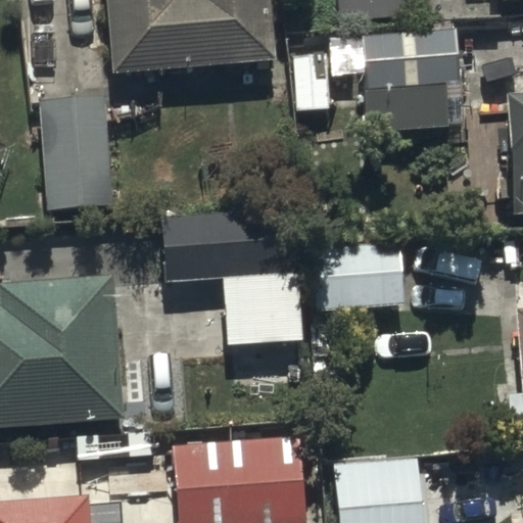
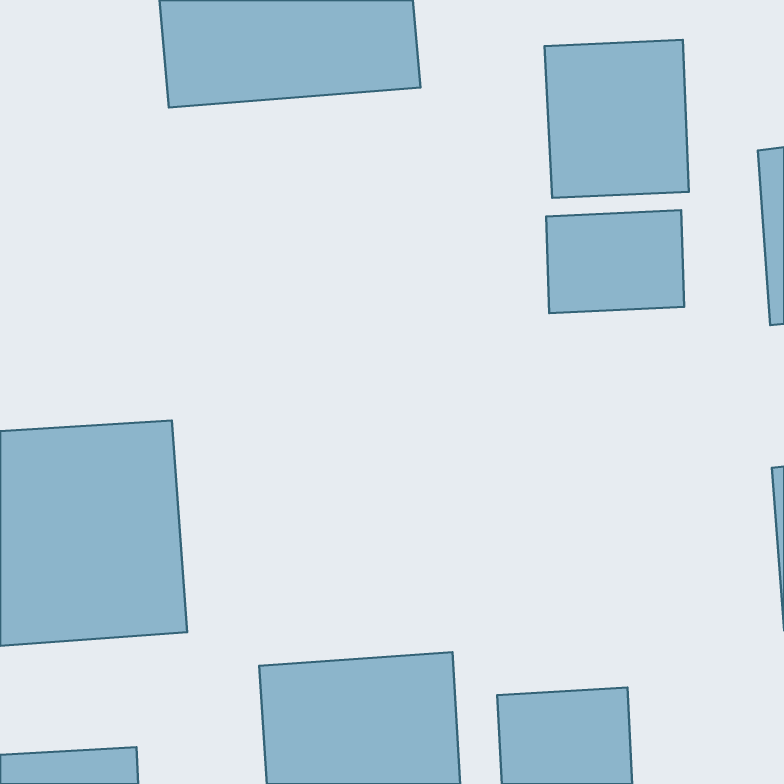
building: [38,98,114,206] -> none
building: [159,211,300,346] -> none
building: [312,242,403,311] -> [546,210,684,313]

